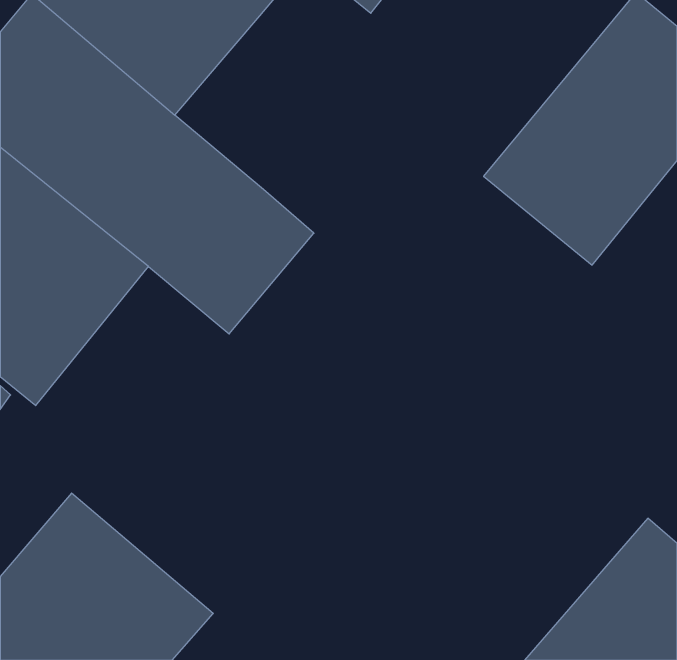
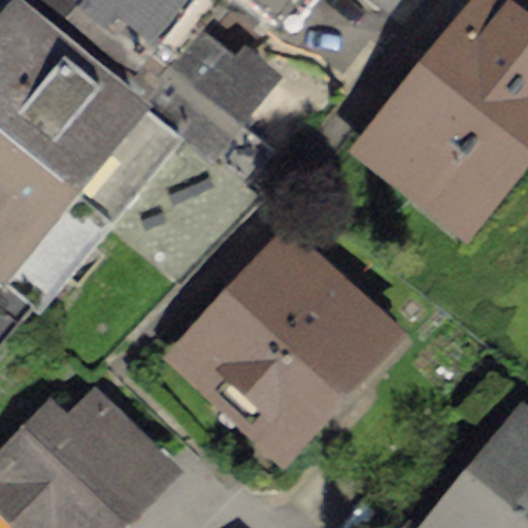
building: none -> [136,12,271,147]
building: none -> [177,234,382,439]

